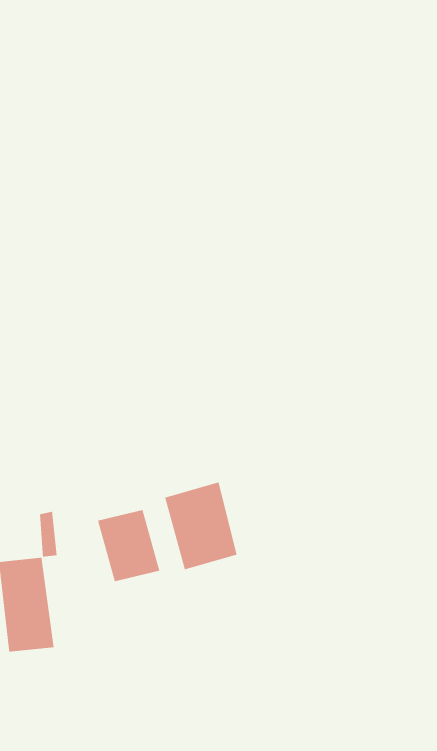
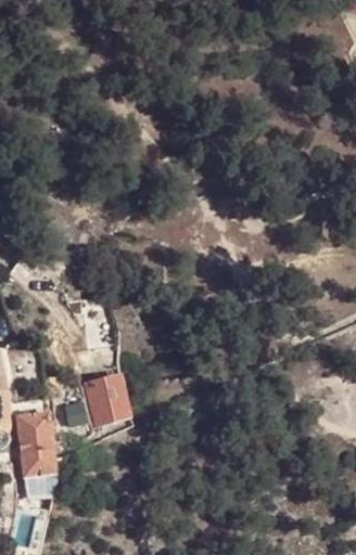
building: [165,482,237,570] -> none

